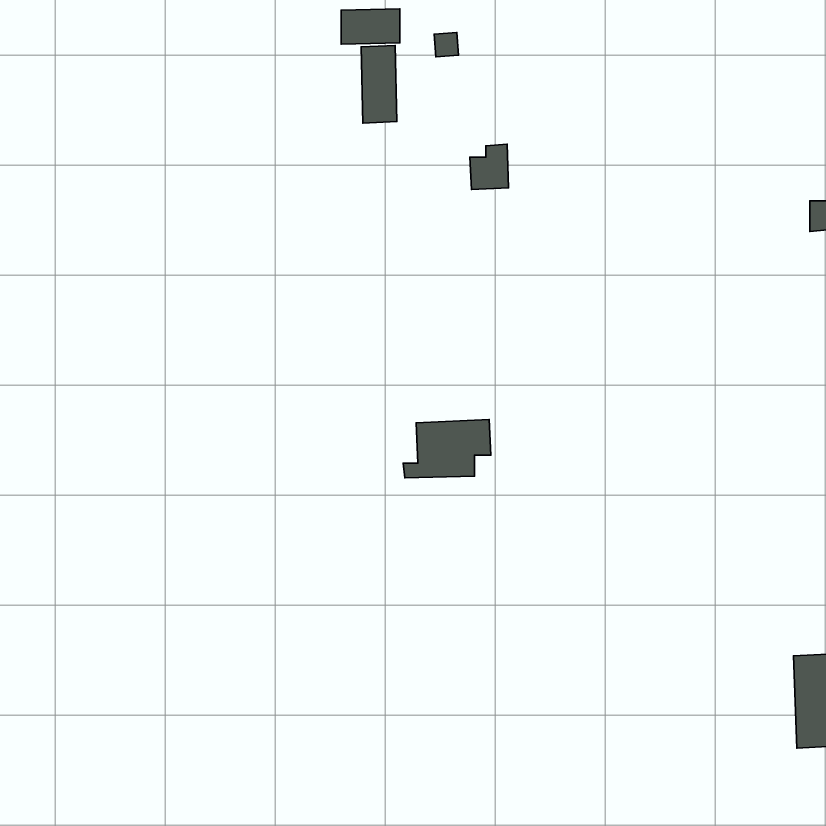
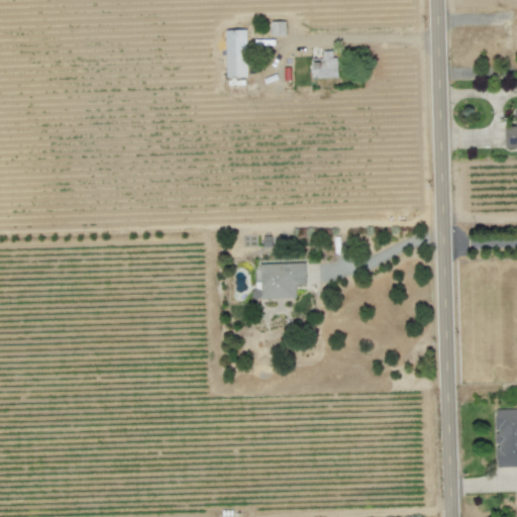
building: [341,9,400,44] -> none
building: [470,144,509,190] -> [313,50,337,79]

